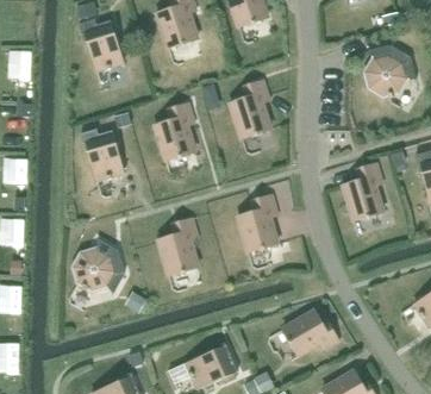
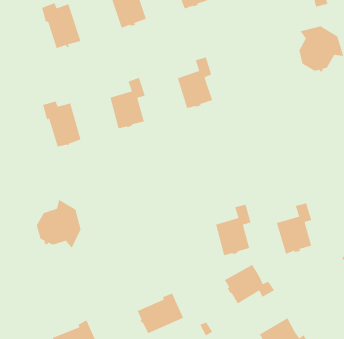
building: [342,162,382,220] -> [276,202,312,255]
building: [237,193,277,251] -> [215,204,251,256]
building: [158,217,198,274] -> none

